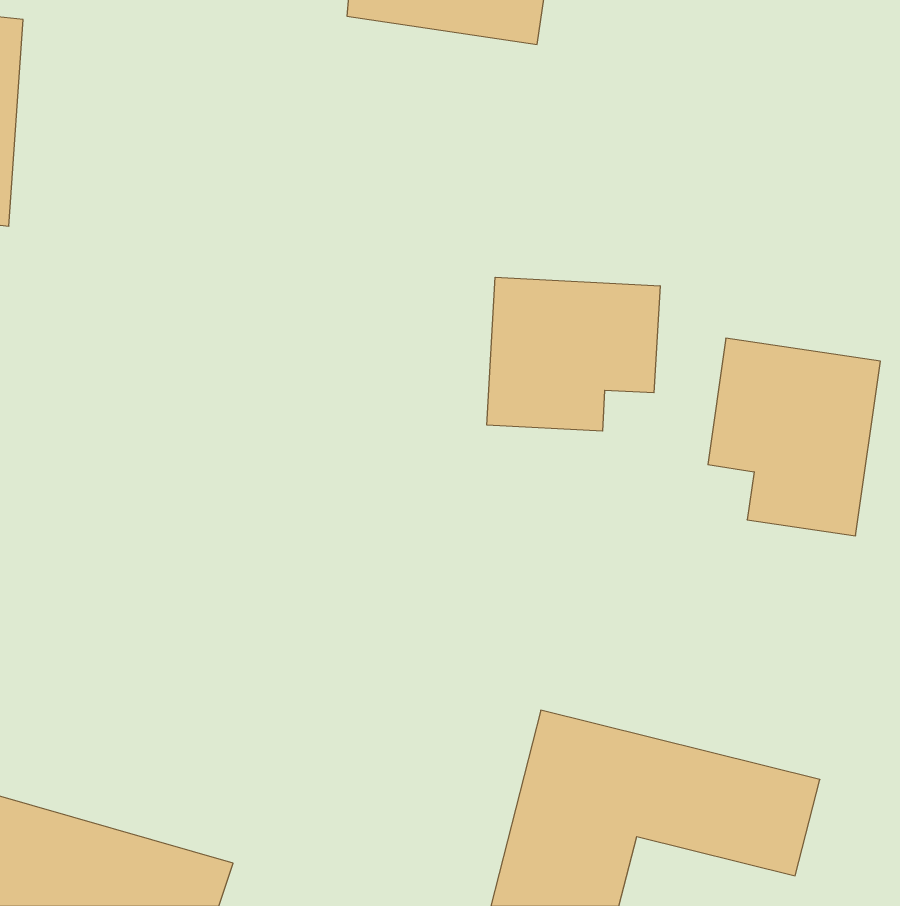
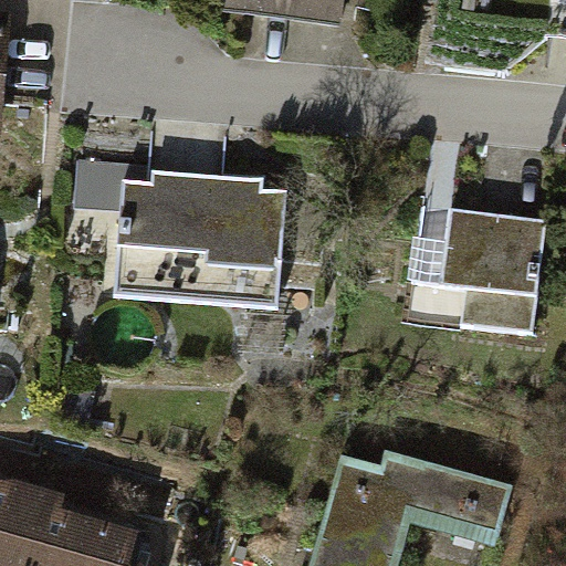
building: none -> [114,171,279,306]
building: [487,277,660,431] -> none

